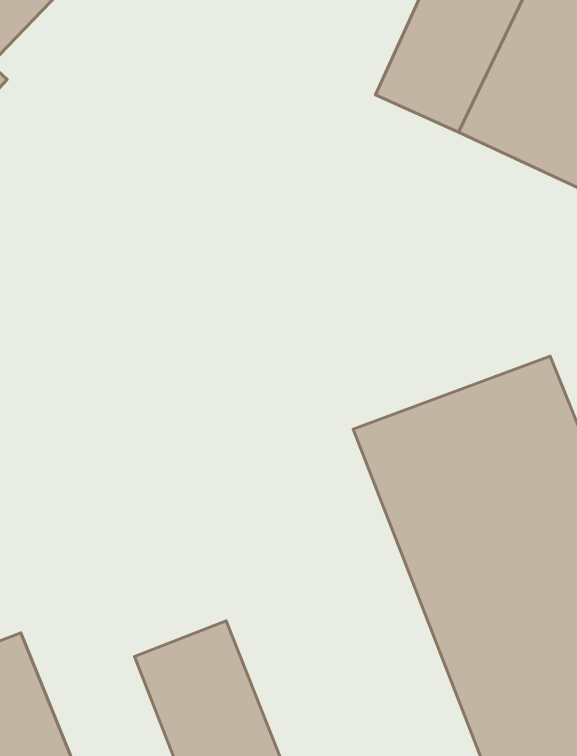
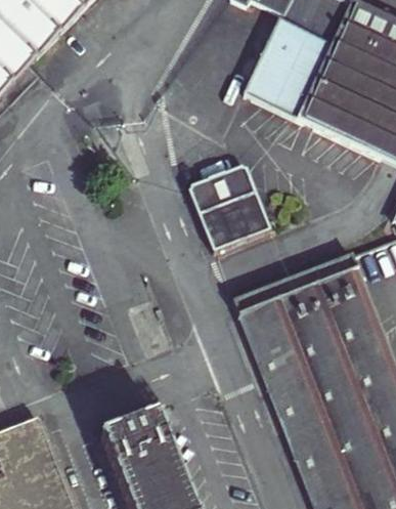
building: none -> [187,163,269,255]

